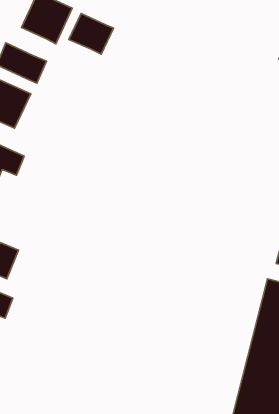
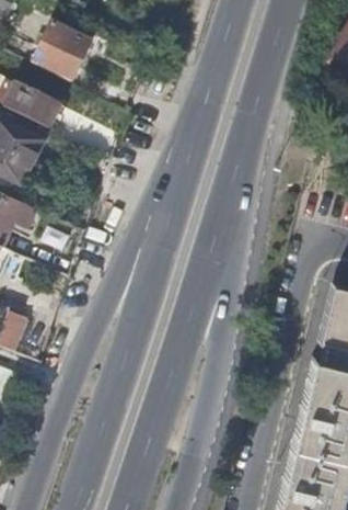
building: [69,13,113,54] -> none

